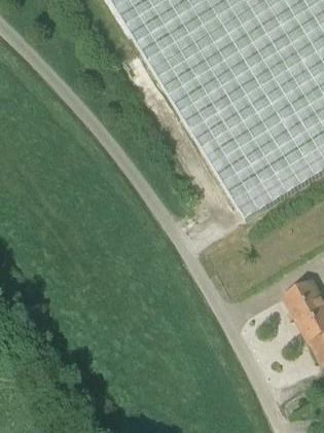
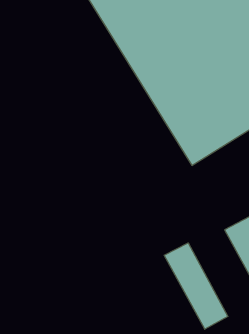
building: none -> [164,243,228,329]

